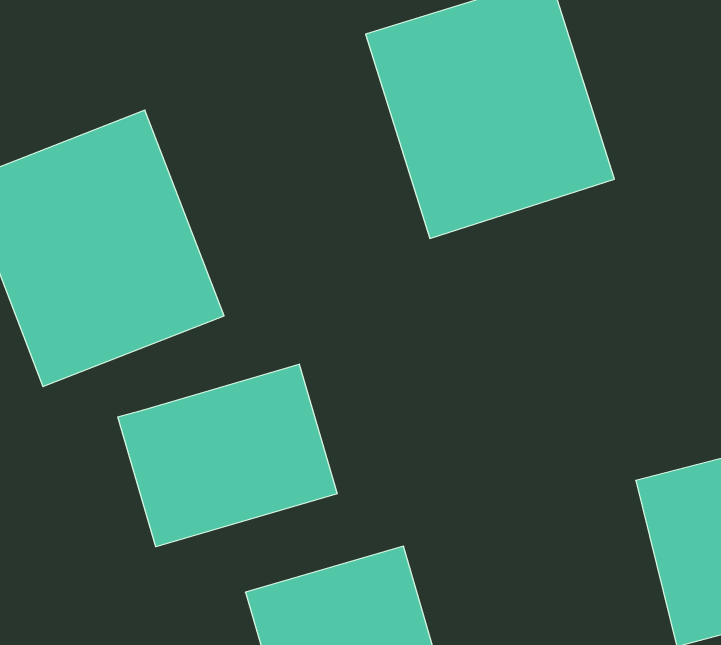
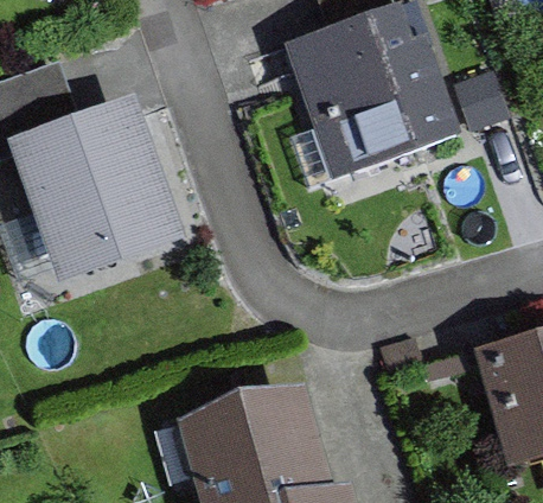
building: [118,364,337,547] -> none

